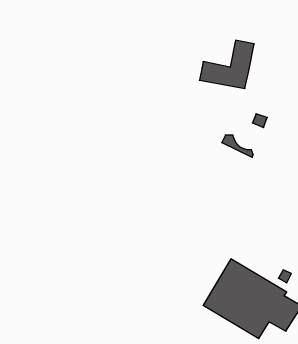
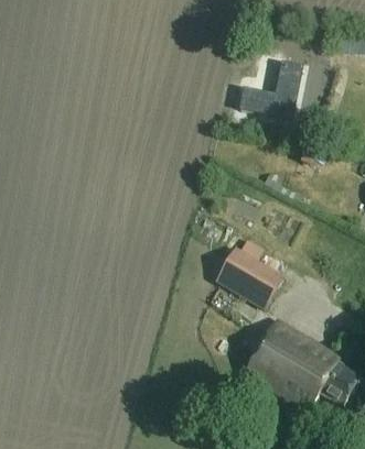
building: none -> [216,245,286,308]

